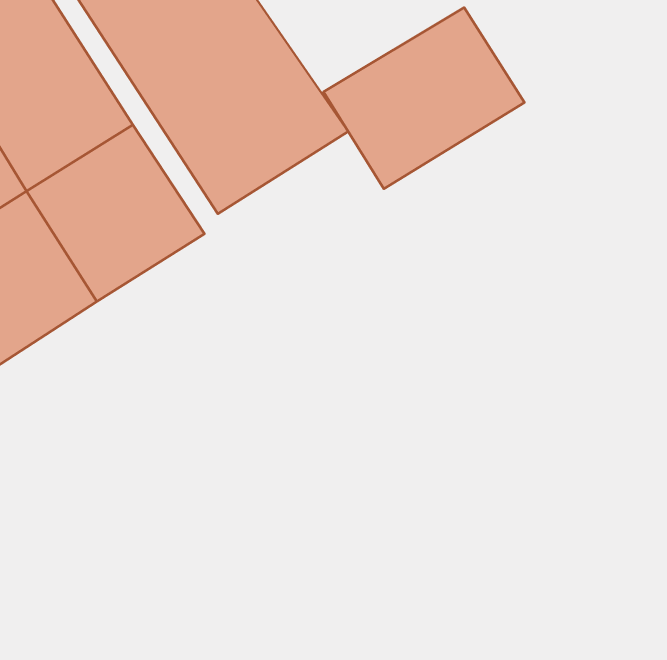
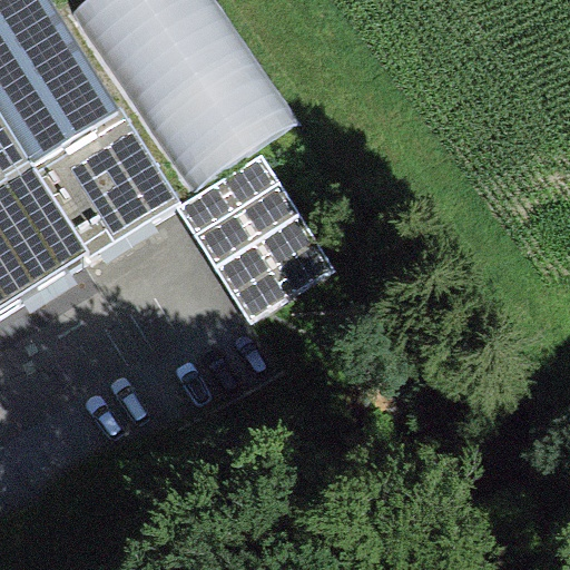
building: [323,8,524,189] -> none
building: none -> [171,141,327,314]

